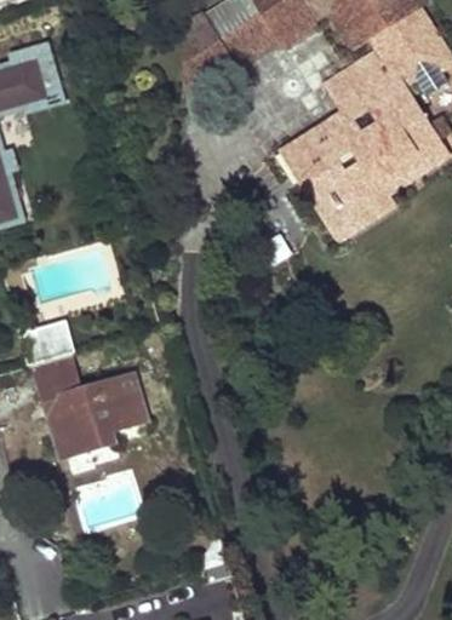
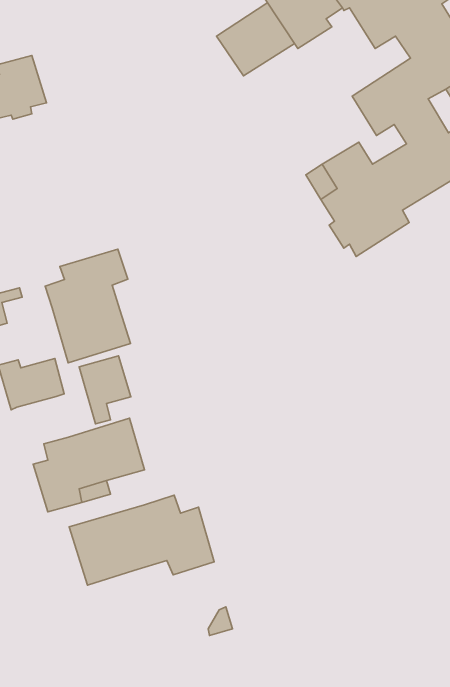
building: none -> [45,249,131,363]
building: [34,354,80,414] -> [79,356,131,424]
building: none -> [69,495,214,585]

